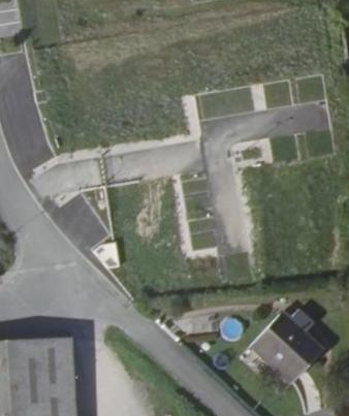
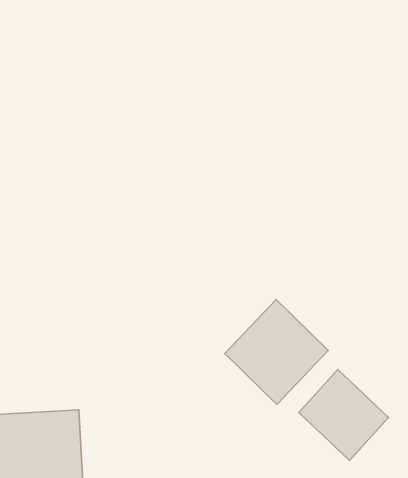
building: none -> [225,299,328,405]

